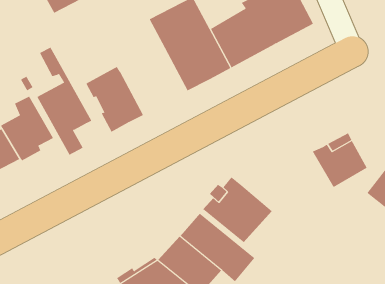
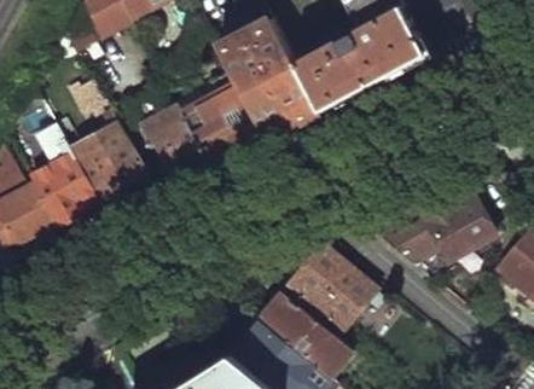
building: none -> [184,82,267,167]
building: none -> [376,205,453,277]

